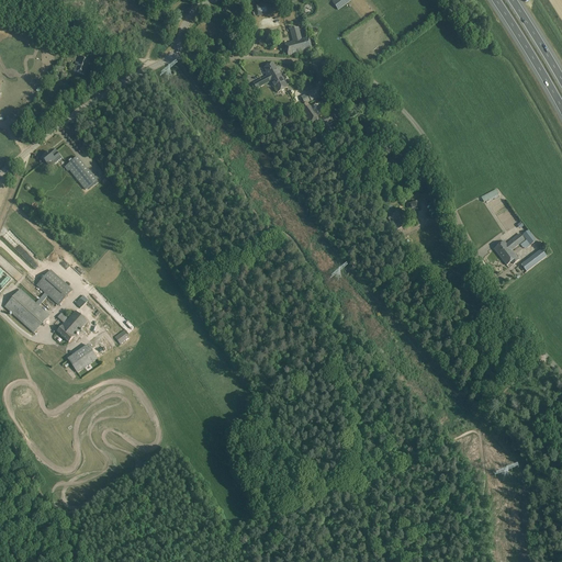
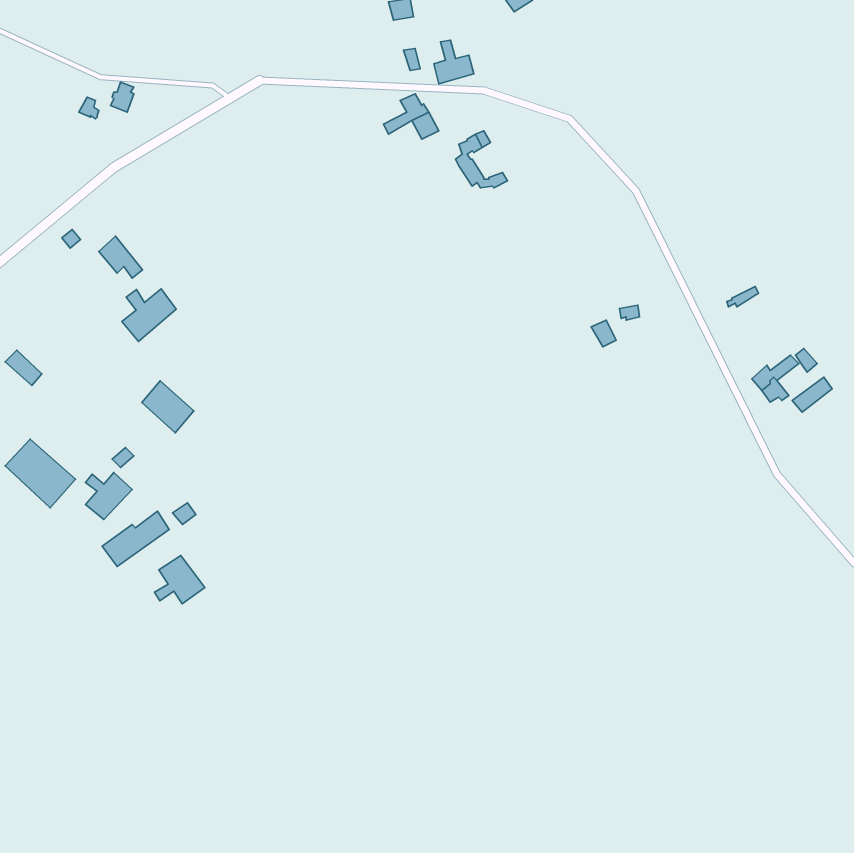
building: none -> [122,289,176,342]
building: [37,269,71,303] -> [142,381,194,433]
building: none -> [154,556,205,604]

